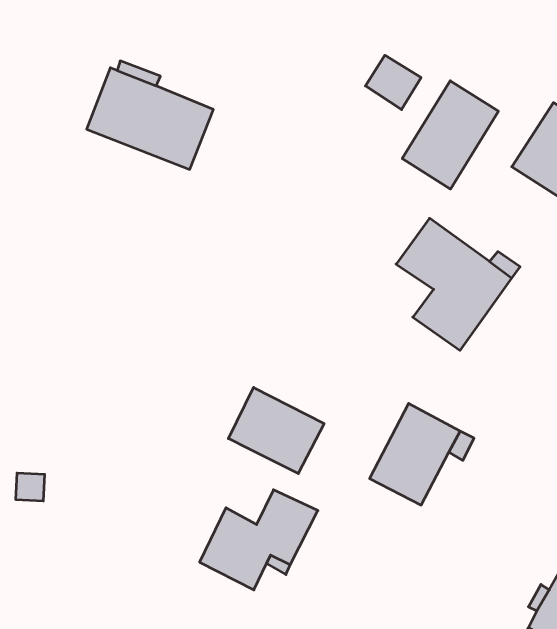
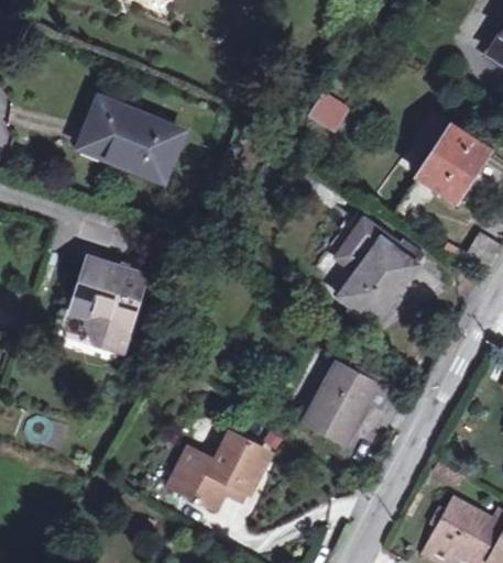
building: [402,81,498,189] -> none
building: none -> [70,260,145,343]
building: [228,387,324,474] -> none

